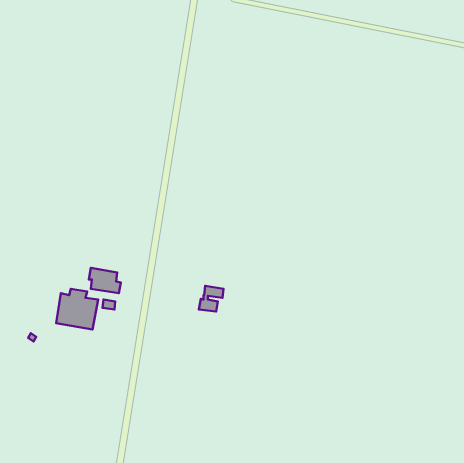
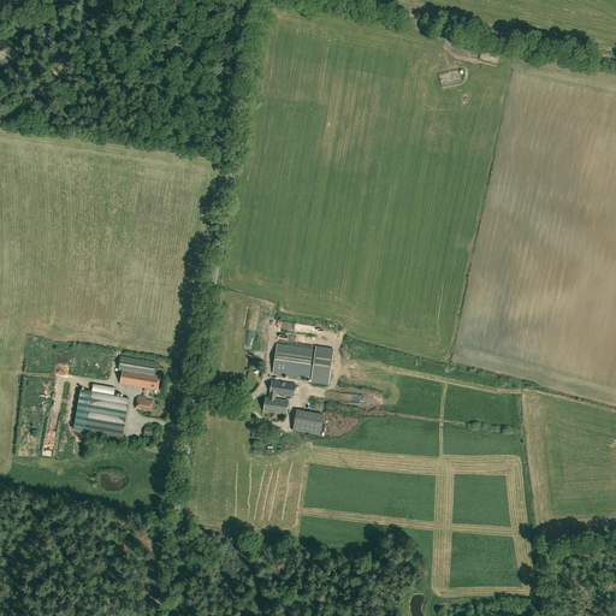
building: none -> [273,343,333,383]
building: none -> [292,410,322,434]

